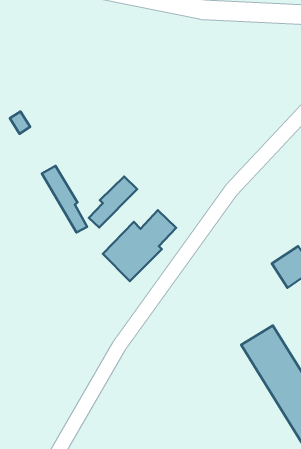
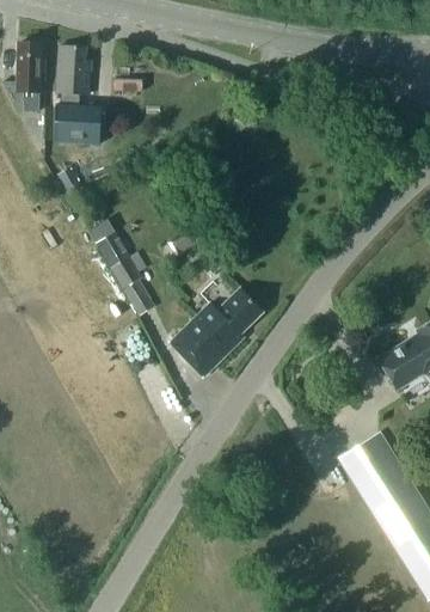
building: none -> [54,45,99,145]
building: [89,177,137,228] -> none

